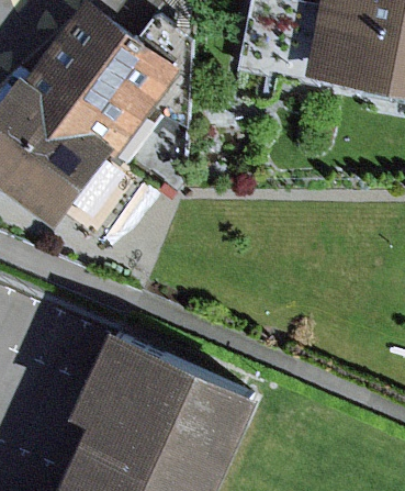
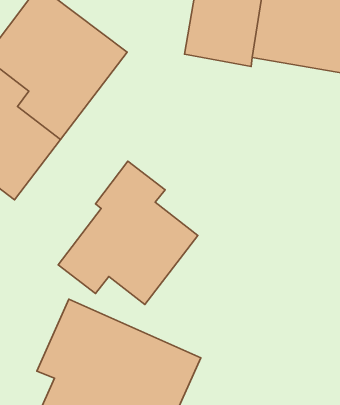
building: none -> [58,161,198,304]

